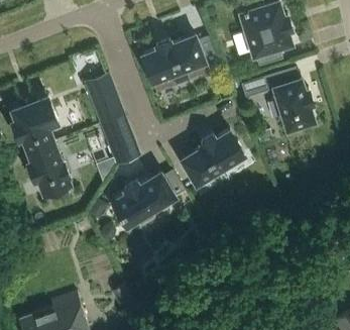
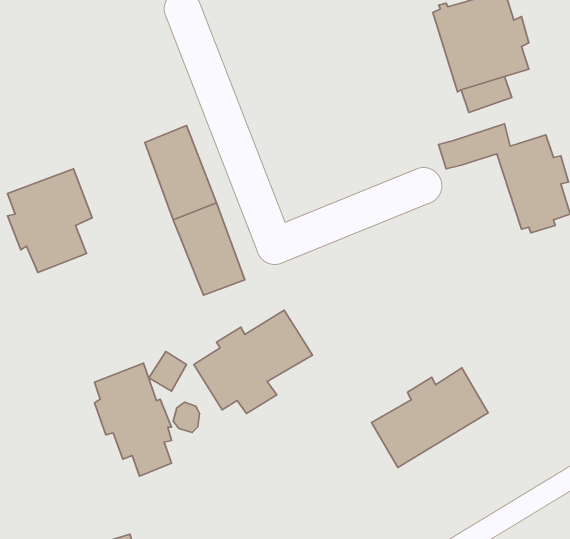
building: [142,35,209,93] -> none
building: [182,130,244,184] -> [372,368,488,468]
building: [28,142,70,203] -> [94,363,172,476]

